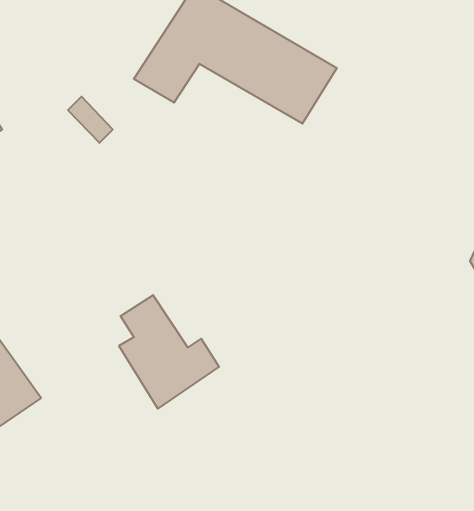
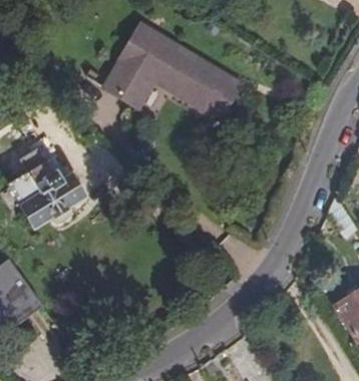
building: [119,295,219,409] -> [16,147,83,224]

